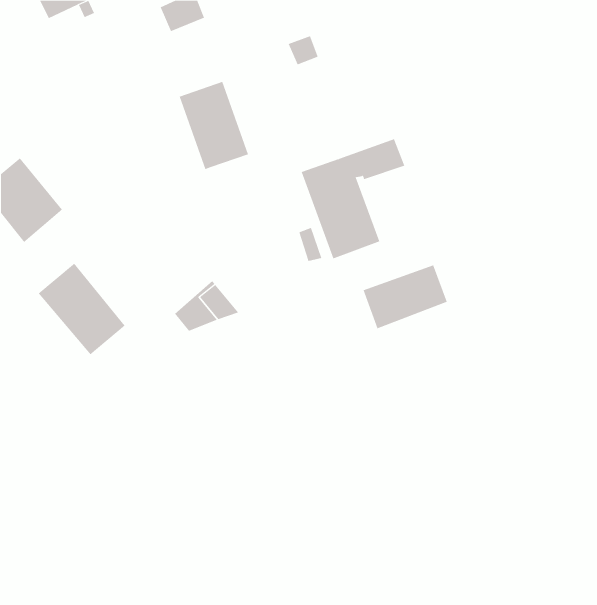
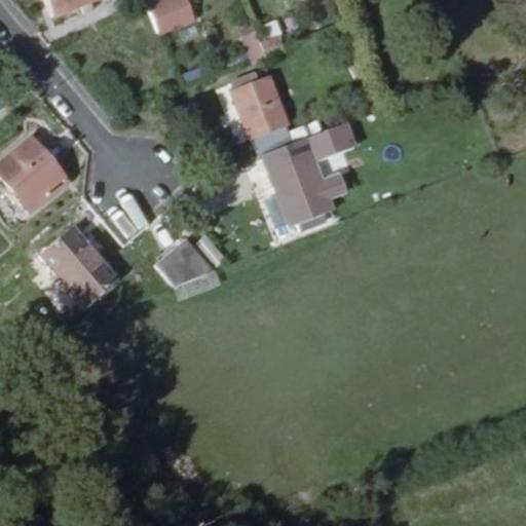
building: [179,81,249,170] -> [240,74,301,151]
building: [363,265,447,329] -> none

